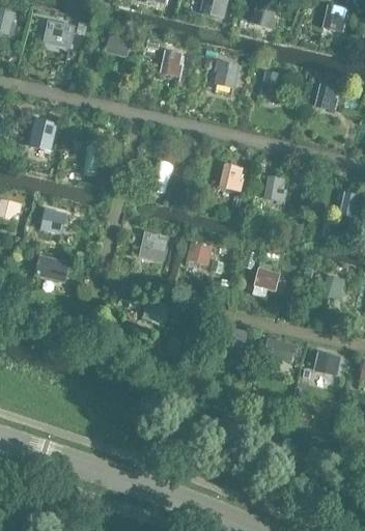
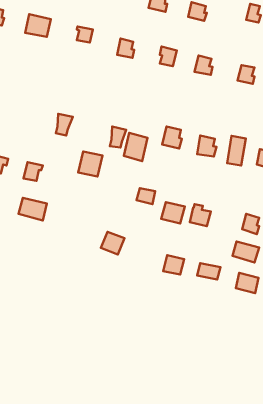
building: [29,118,58,152] -> none
building: none -> [124,133,148,161]
building: none -> [227,136,246,165]
building: [138,231,169,263] -> [78,151,102,176]
building: none -> [161,202,185,223]
building: none -> [232,241,259,263]

